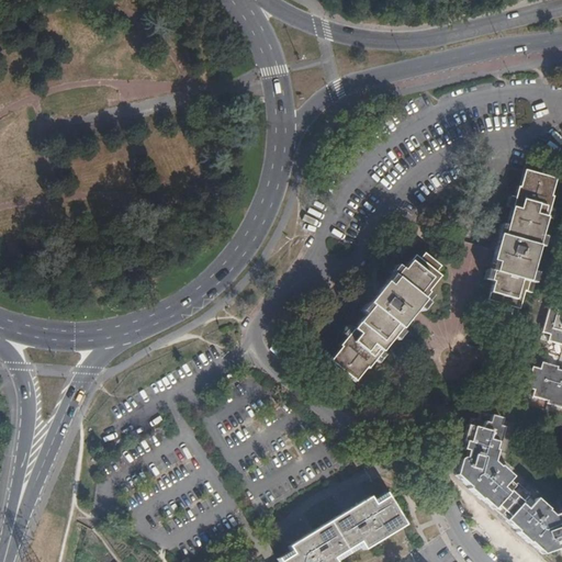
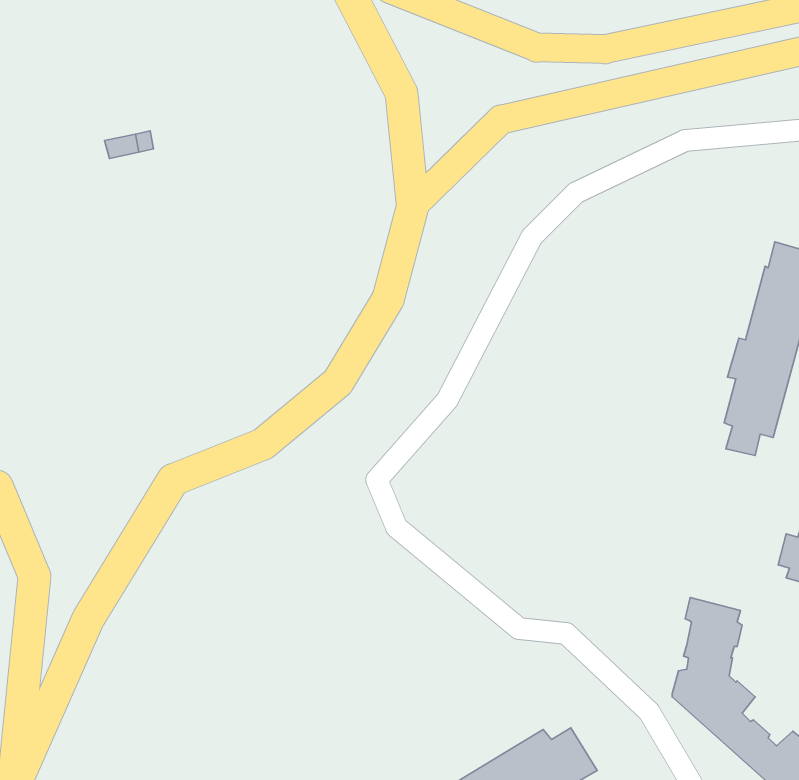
building: [334,251,445,379] -> none

